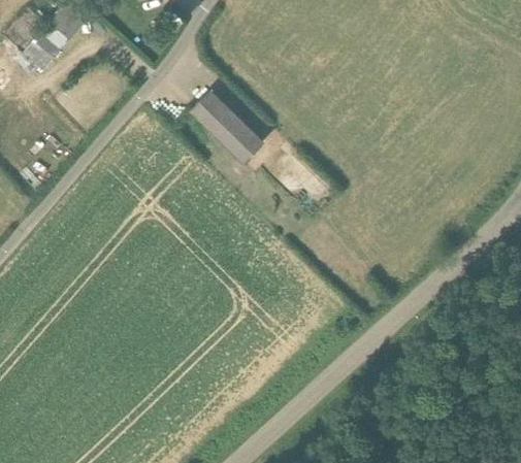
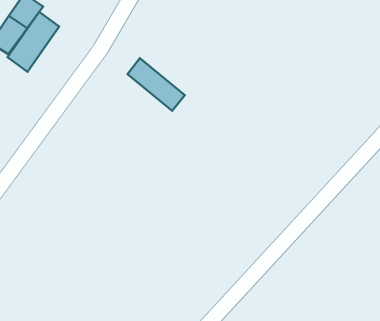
building: none -> [7,12,59,72]

